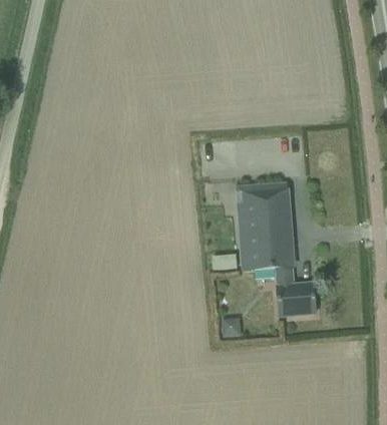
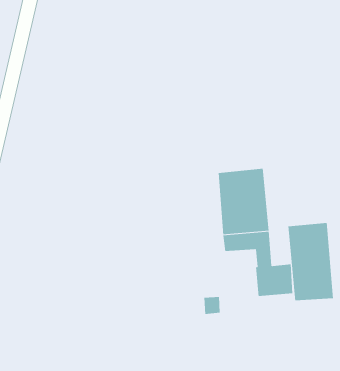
building: none -> [288,222,334,301]

